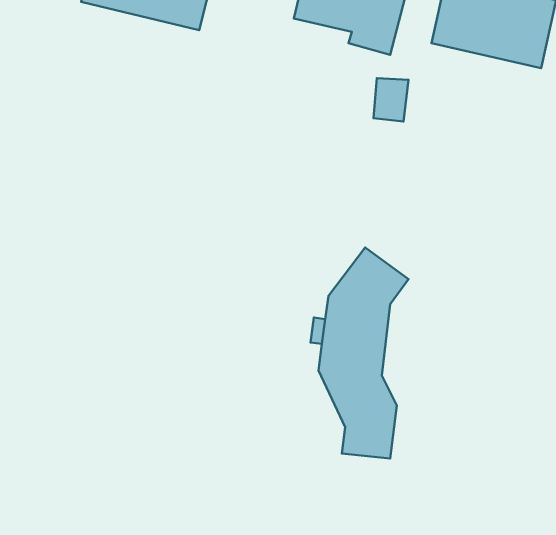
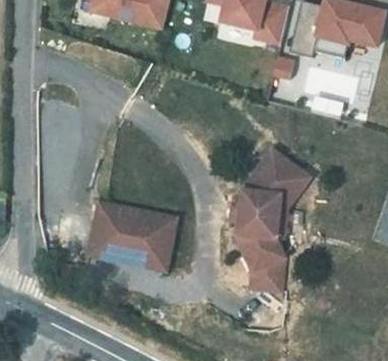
building: none -> [265,149,309,239]
building: none -> [89,202,176,269]

